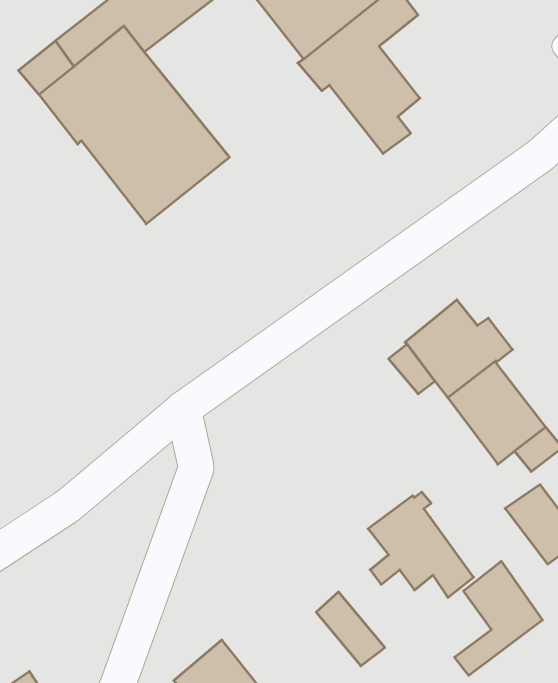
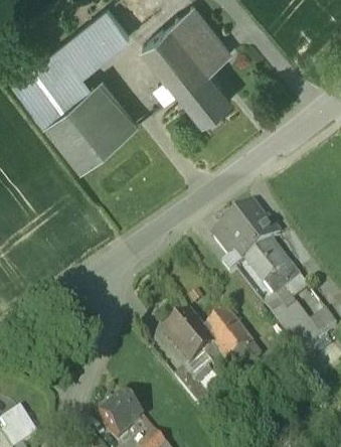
building: none -> [264,286,296,317]
building: none -> [166,312,213,360]
building: [455,561,542,675] -> none

